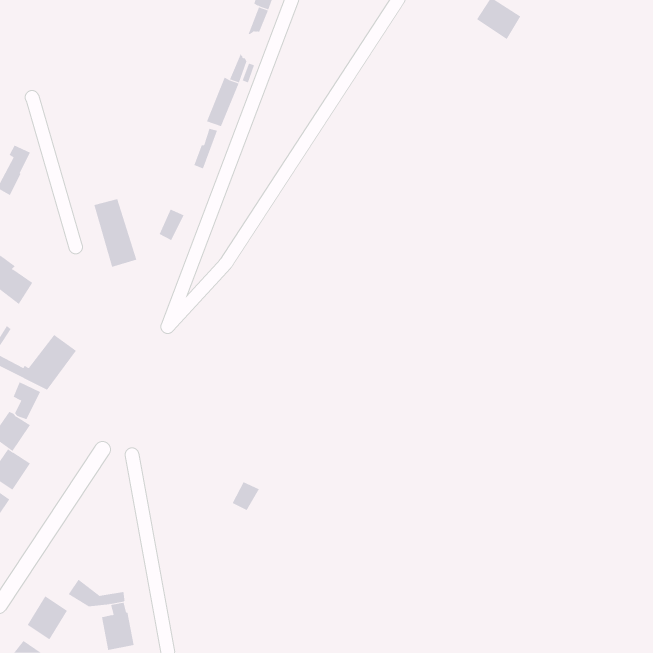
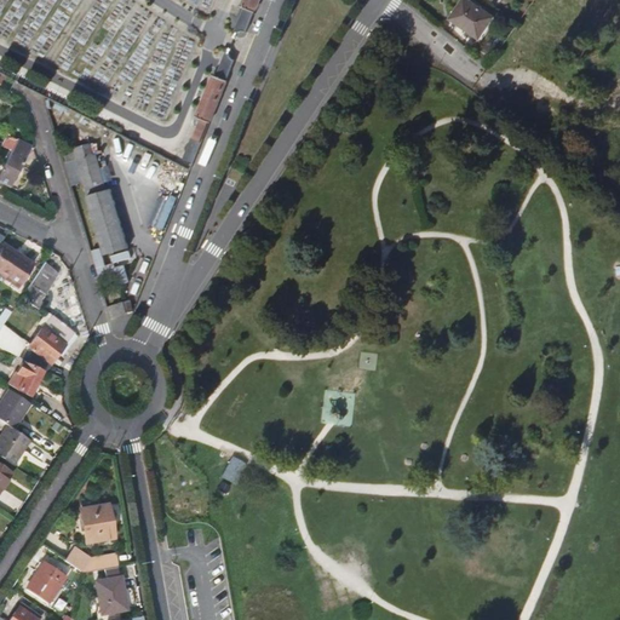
building: none -> [78,153,104,186]
building: none -> [19,262,58,304]
building: none -> [81,509,114,546]

